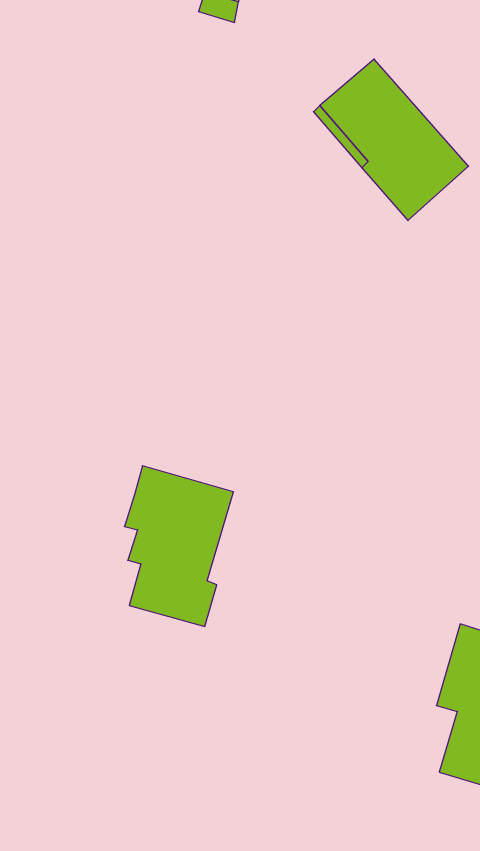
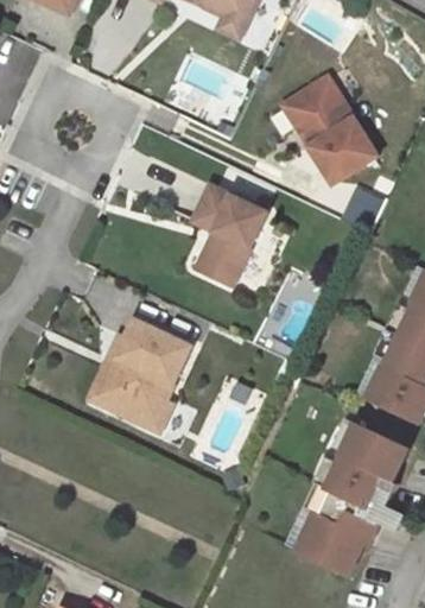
building: none -> [191,184,265,285]
building: none -> [87,335,125,410]

